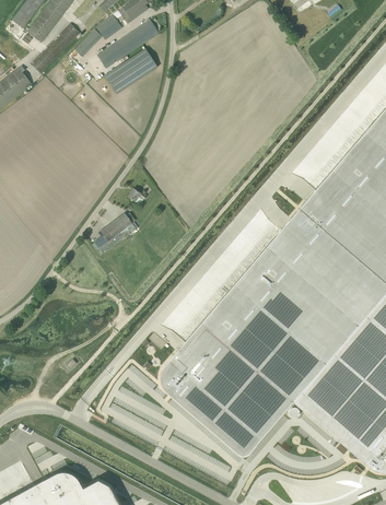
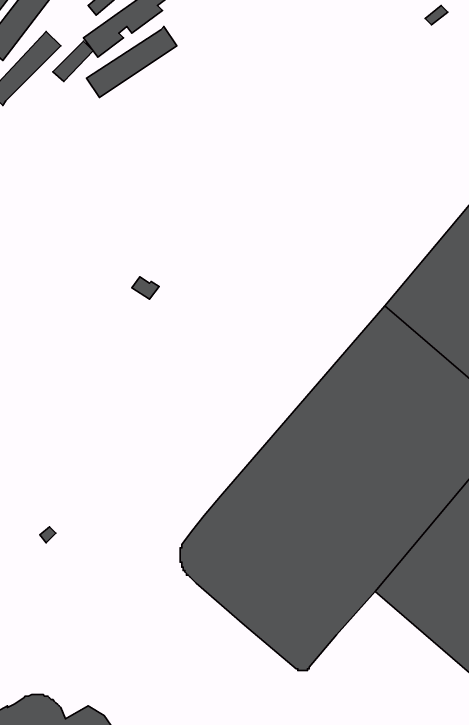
building: [104,48,157,94] -> none
building: [91,213,136,255] -> none

